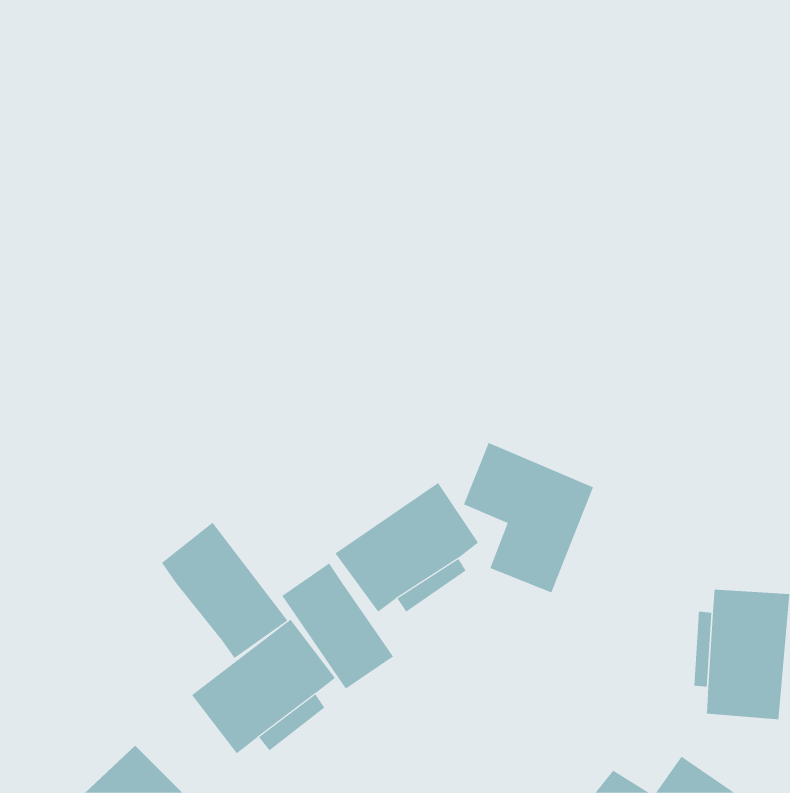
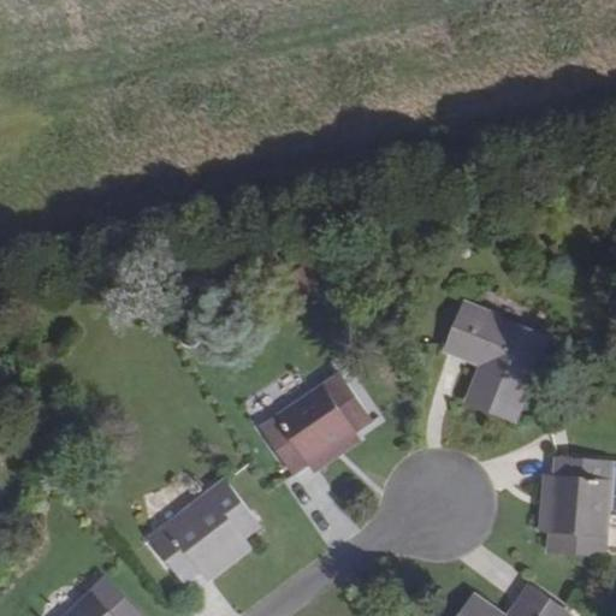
building: [463,442,594,593] -> [445,303,546,420]
building: [161,522,288,659] -> none
building: [281,563,394,690] -> none

